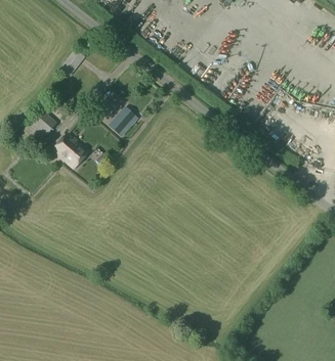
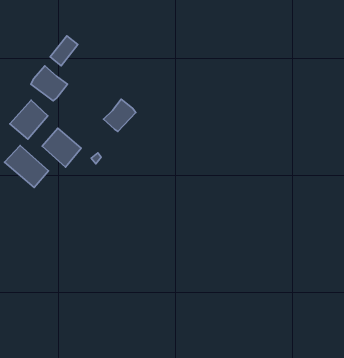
building: none -> [31,66,67,101]
building: none -> [5,146,49,187]

